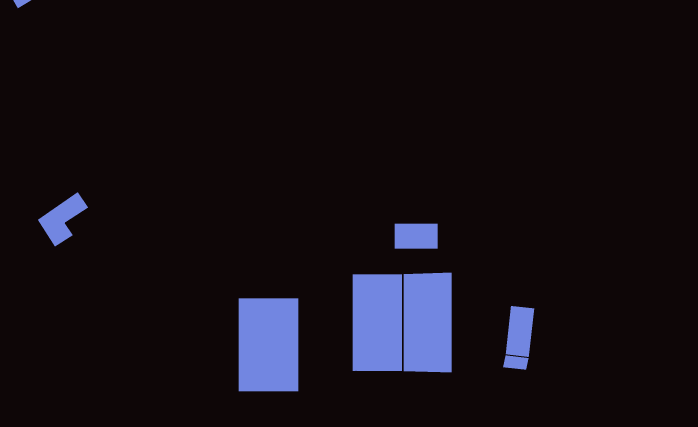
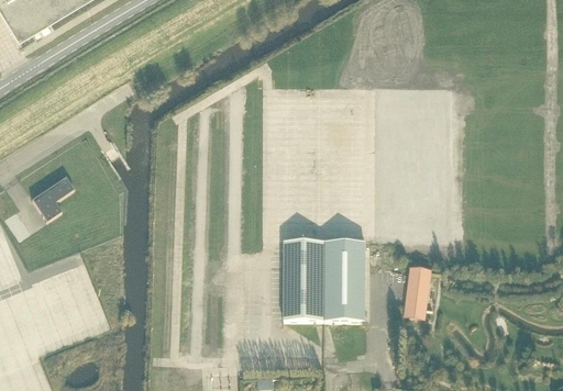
building: [394,223,438,250] -> none
building: [238,298,299,392] -> none

